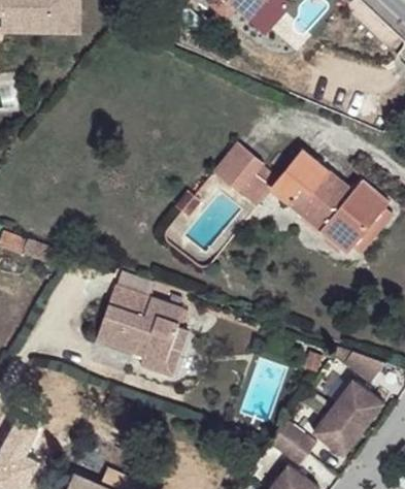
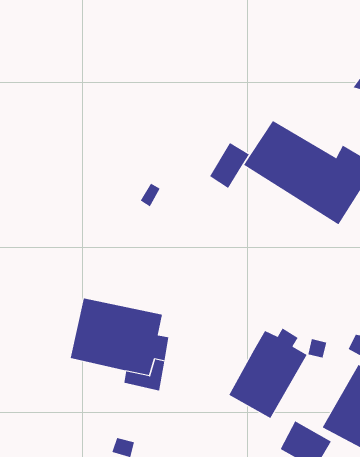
building: [215,142,265,193] -> none
building: none -> [228,327,307,419]

